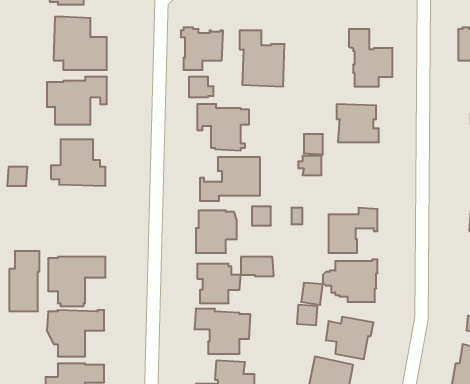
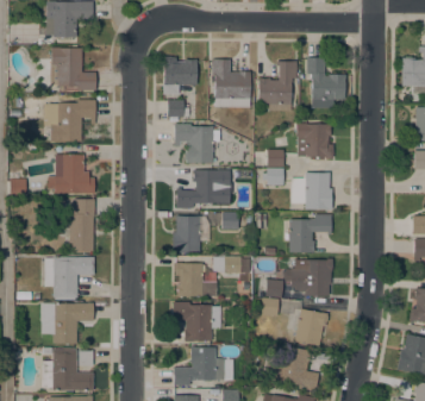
building: none -> [258,61,296,109]
building: none -> [300,173,332,208]
building: [9,251,39,311] -> [69,198,95,250]

